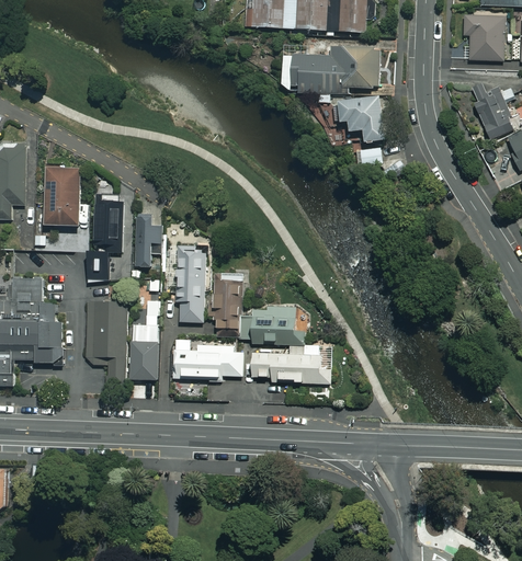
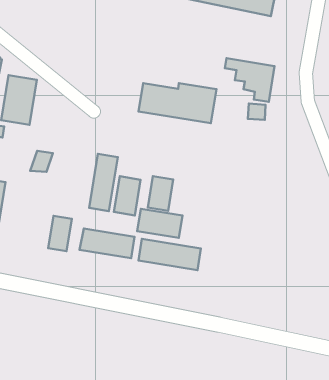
building: [283,48,378,93] -> [138,83,216,123]
building: [93,192,118,241] -> none
building: [134,211,156,265] -> none
building: none -> [148,176,173,211]
building: [84,299,128,385] -> none

